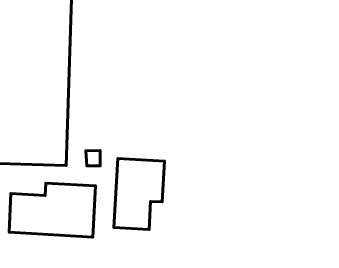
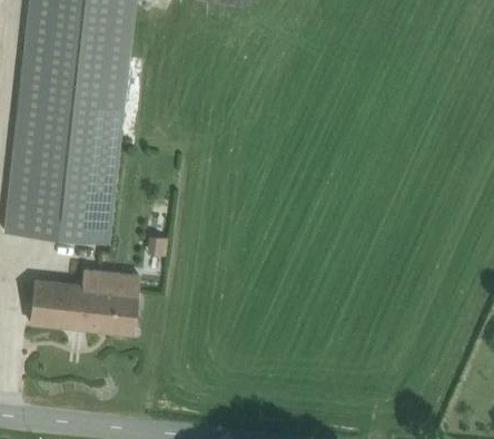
building: [114,158,164,230] -> none

